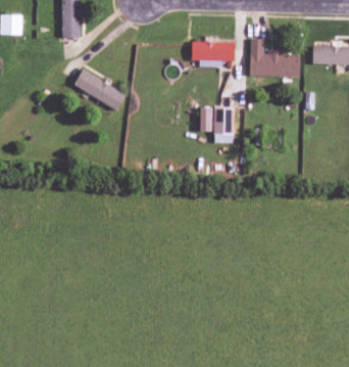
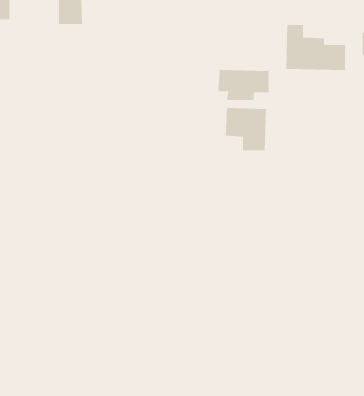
building: [192,41,235,66] -> [217,69,269,100]
building: [73,68,127,109] -> none

